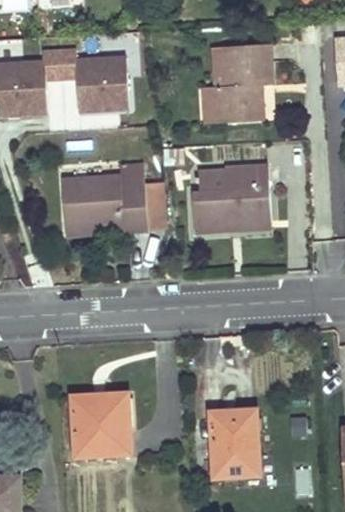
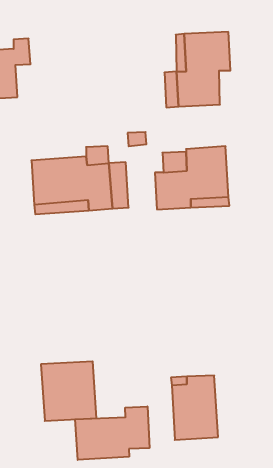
building: [58,51,128,112] -> none
building: none -> [75,406,149,460]

